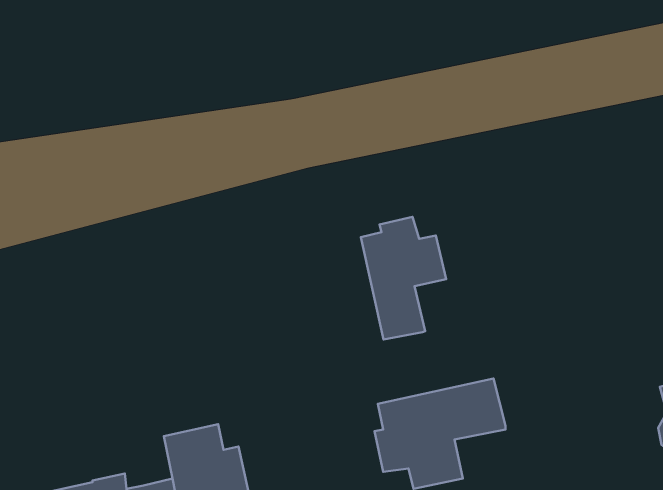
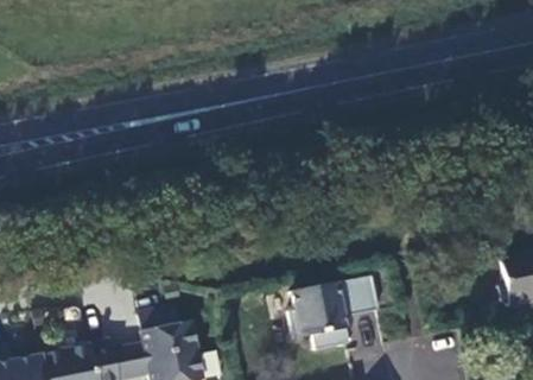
building: [361,217,446,340] -> none

